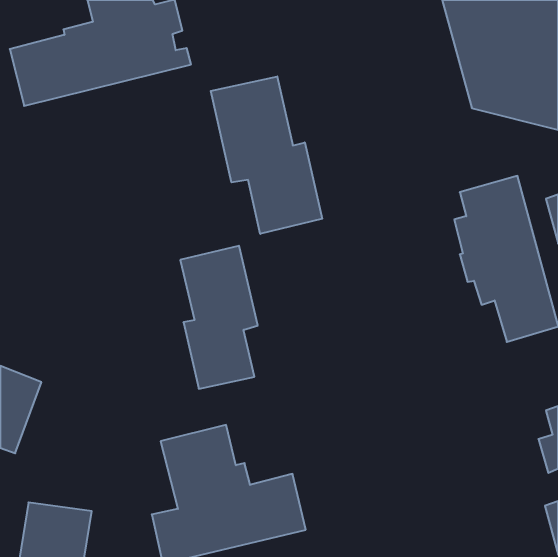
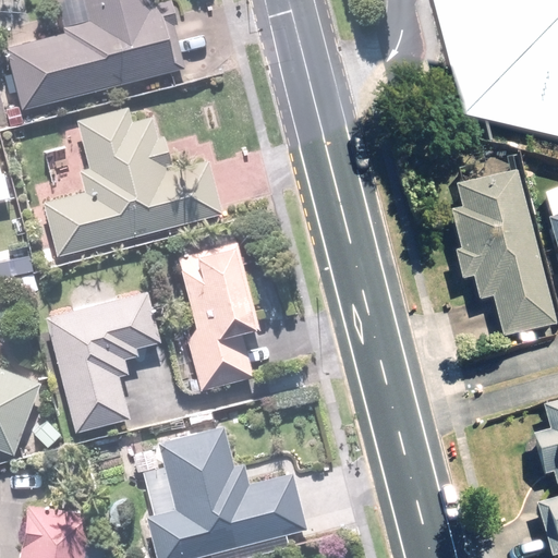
building: [211,76,322,234] -> none
building: none -> [39,107,222,256]
building: none -> [46,290,162,429]

